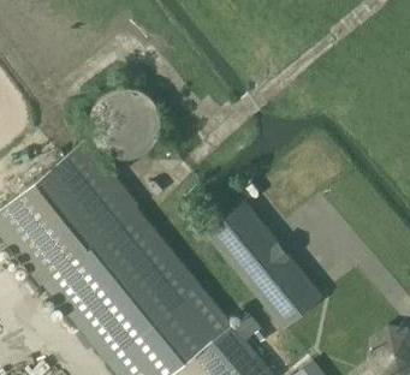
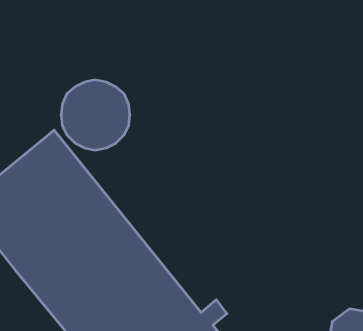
building: [208,204,321,328] -> none

